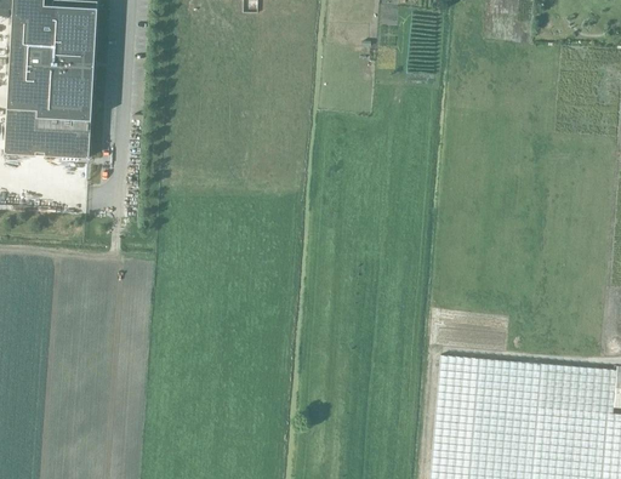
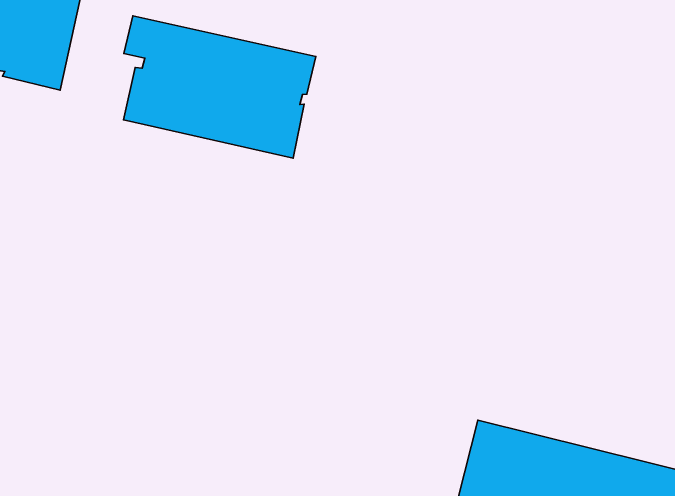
building: none -> [123,16,316,158]

